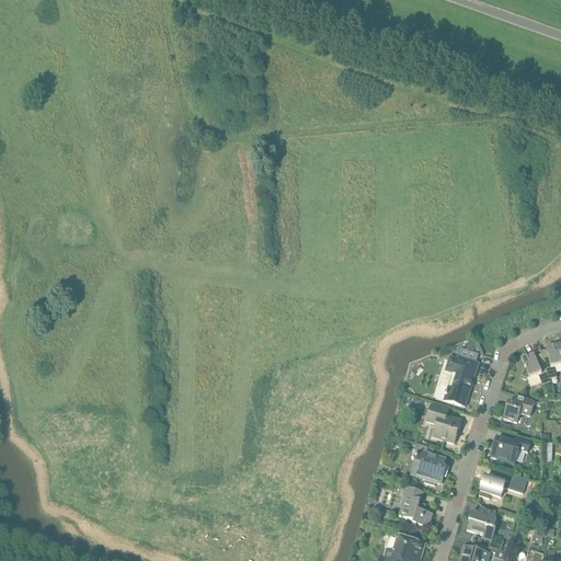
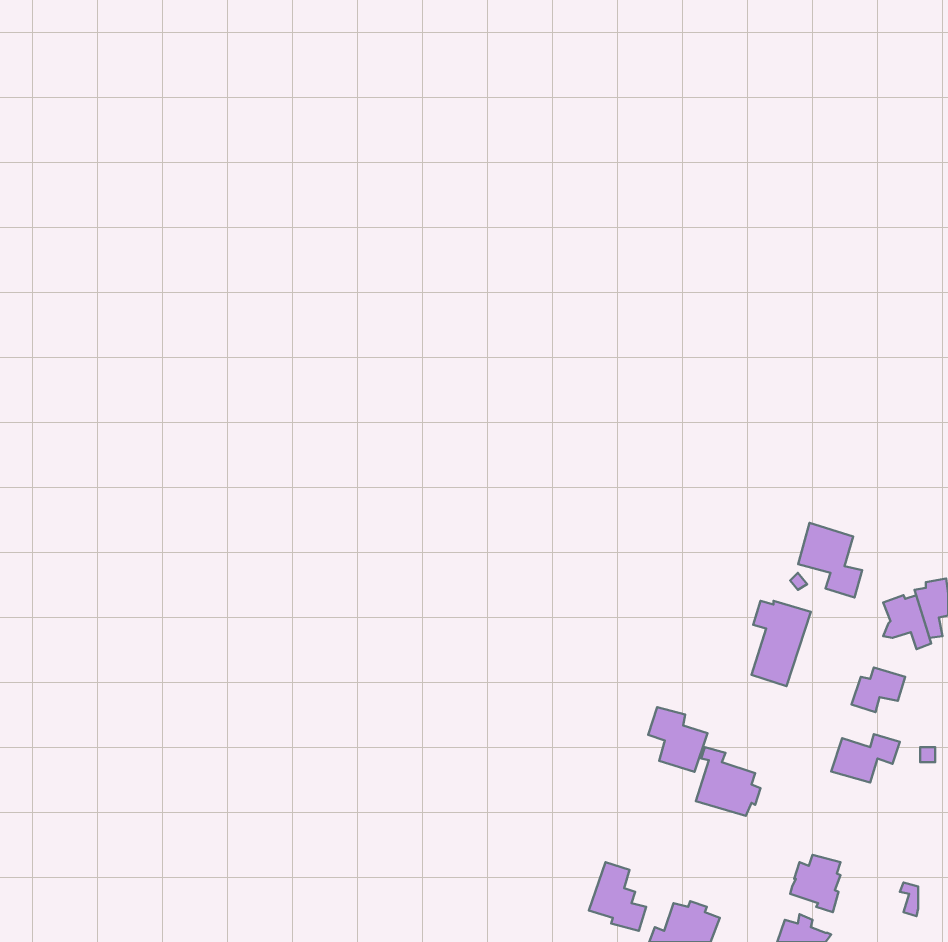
building: none -> [798,523,862,598]
building: [426,403,461,442] -> [648,707,707,772]
building: [479,473,527,497] -> none
building: [399,485,433,526] -> [589,862,646,931]

